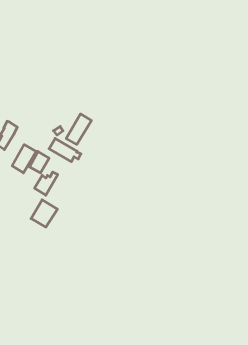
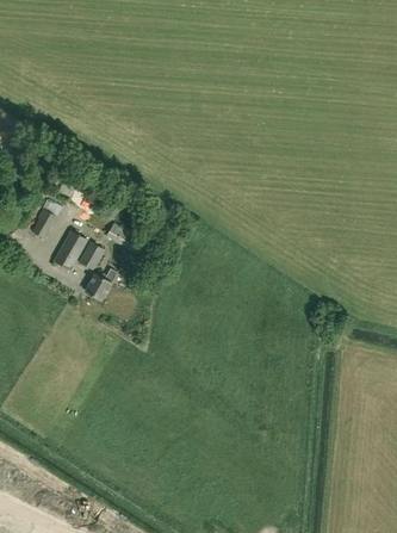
building: [66,114,91,144] -> none
building: [31,200,57,227] -> none

